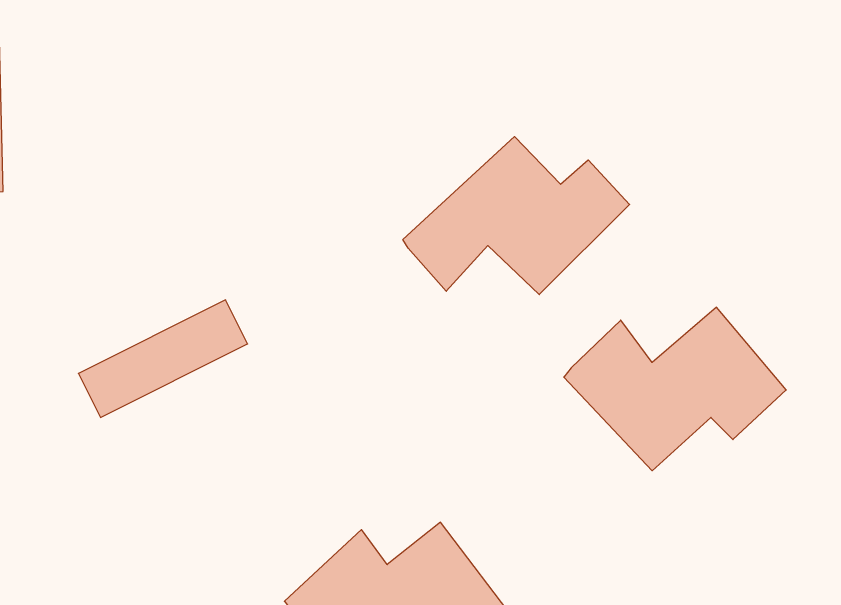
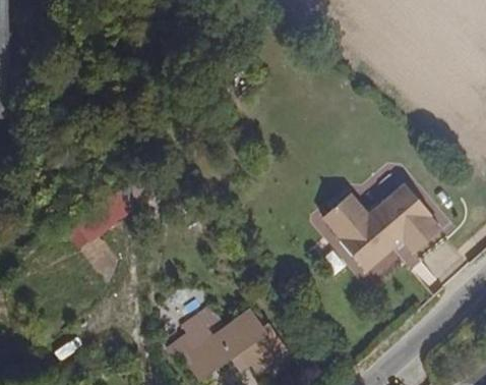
building: [403,137,630,295] -> none

